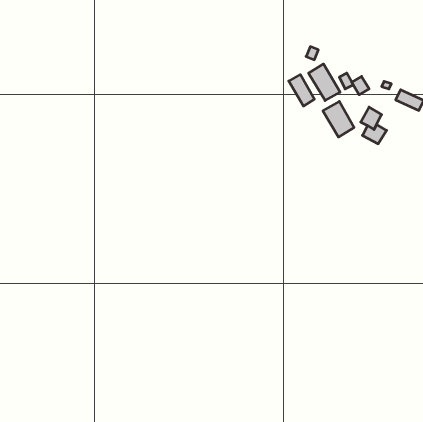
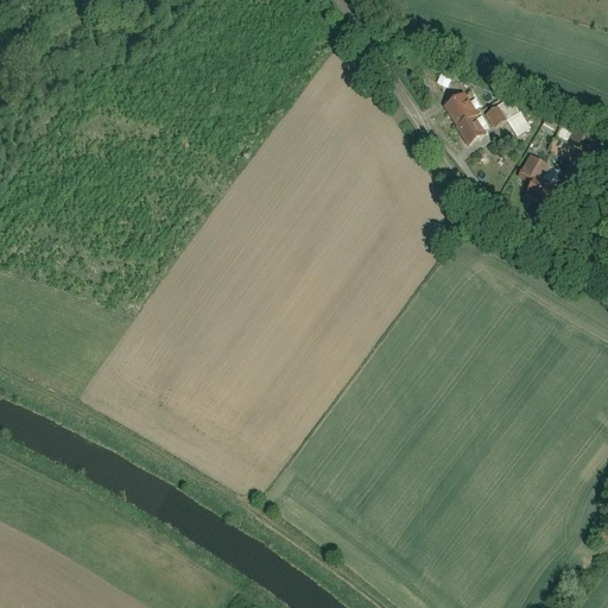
building: [289,75,314,106] -> none
building: [323,101,354,137] -> none

